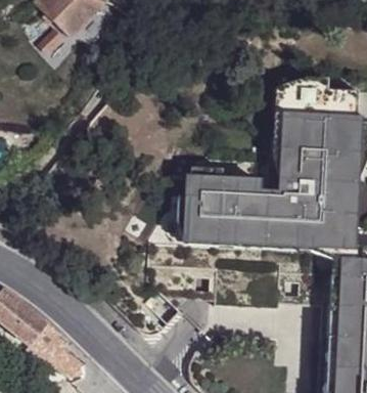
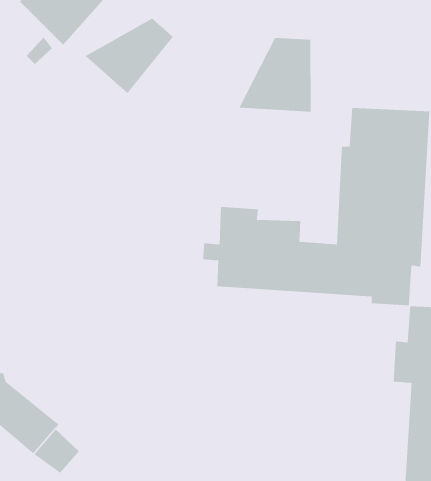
building: none -> [85,18,174,94]
building: none -> [238,37,311,113]

